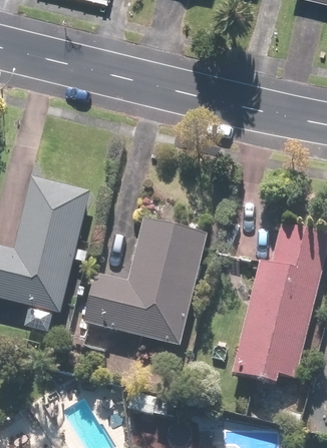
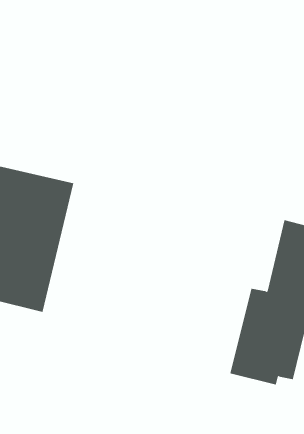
building: [87,217,207,347] -> none

